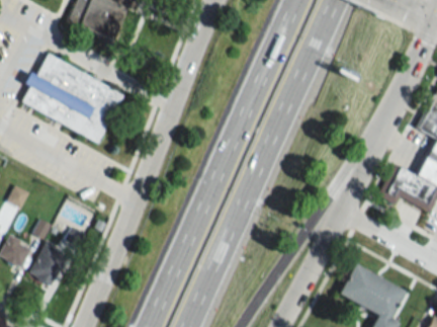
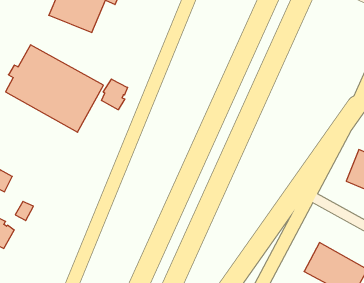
building: none -> [102,79,128,110]
building: [29,243,67,285] -> none

